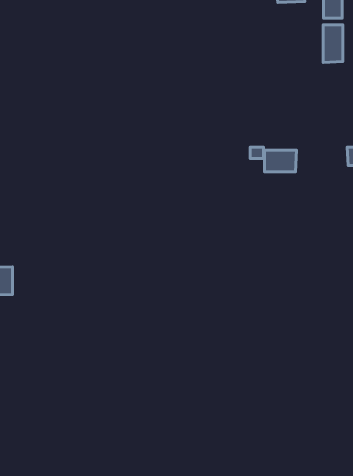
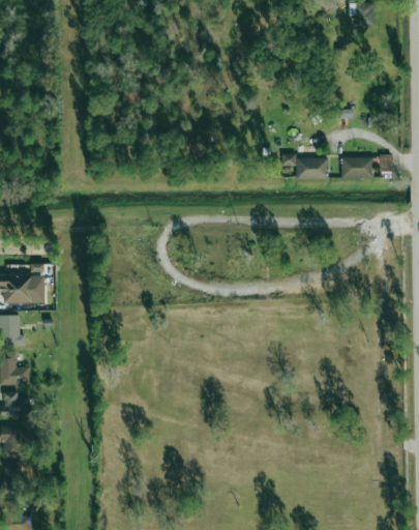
building: [323,25,343,63] -> none
building: none -> [341,156,373,179]

